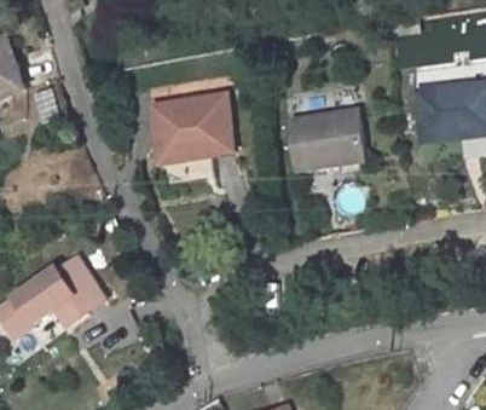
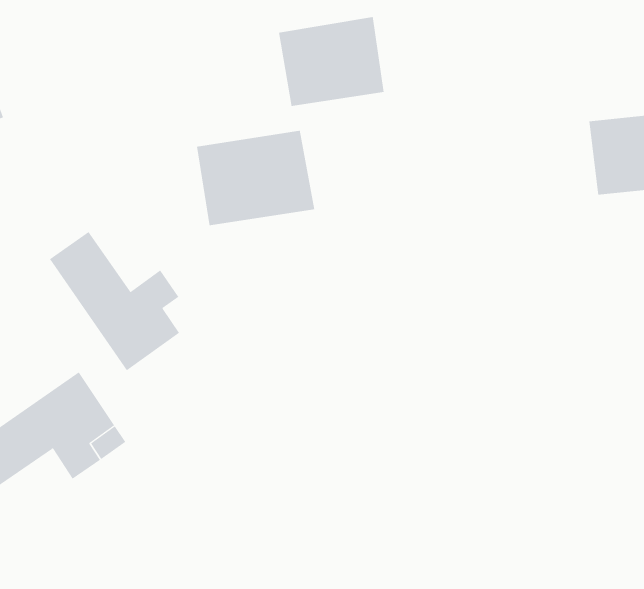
building: [291,109,363,169] -> [278,16,384,106]
building: none -> [49,231,180,371]

